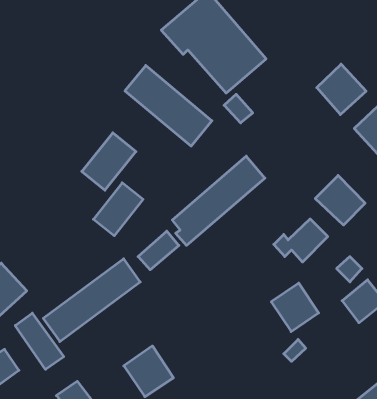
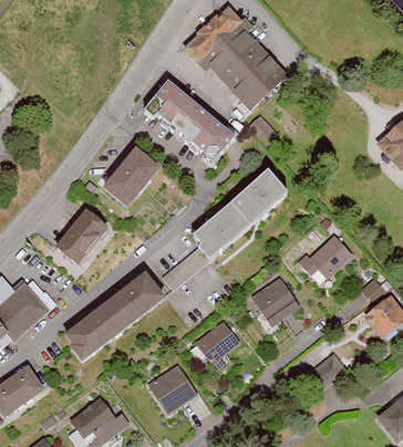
building: [317,64,366,115] -> none
building: [315,175,365,225] -> none
building: [93,183,143,236] -> [55,211,105,264]
building: [271,283,319,332] -> [251,277,299,325]
building: none -> [195,320,238,363]
building: [15,313,64,369] -> none

